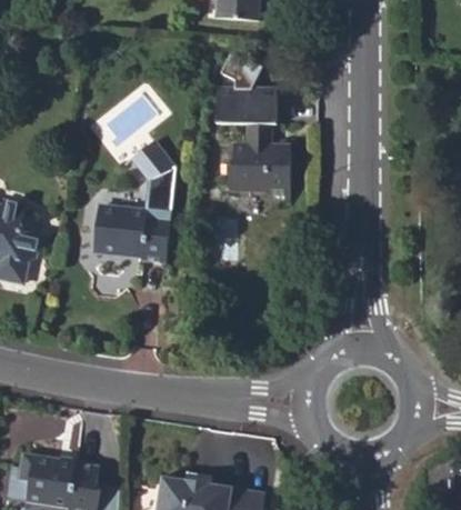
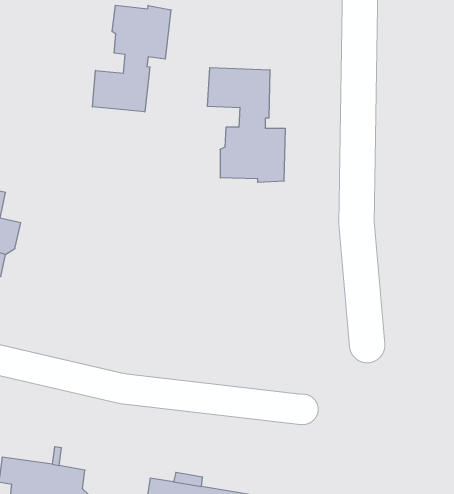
building: none -> [93,5,171,112]
building: [96,138,176,261] -> none

